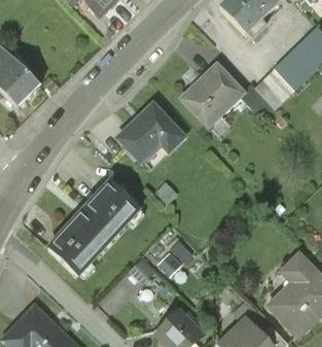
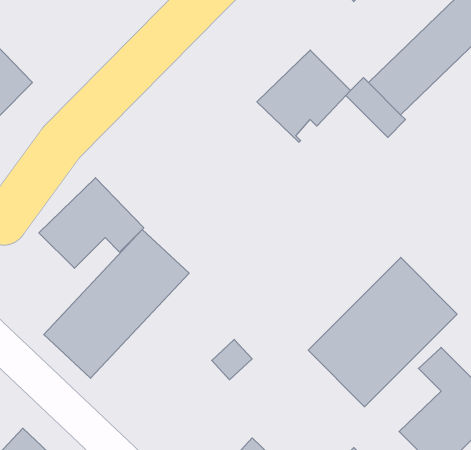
building: [117,102,184,160] -> [39,178,144,268]
building: none -> [308,257,457,407]

